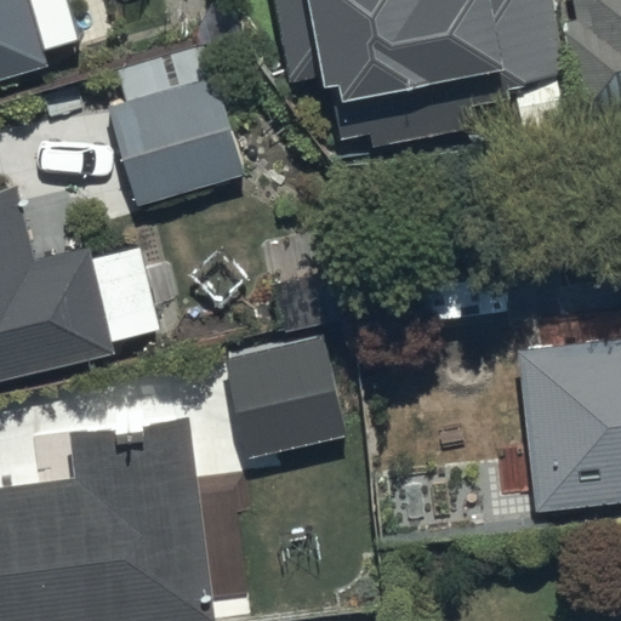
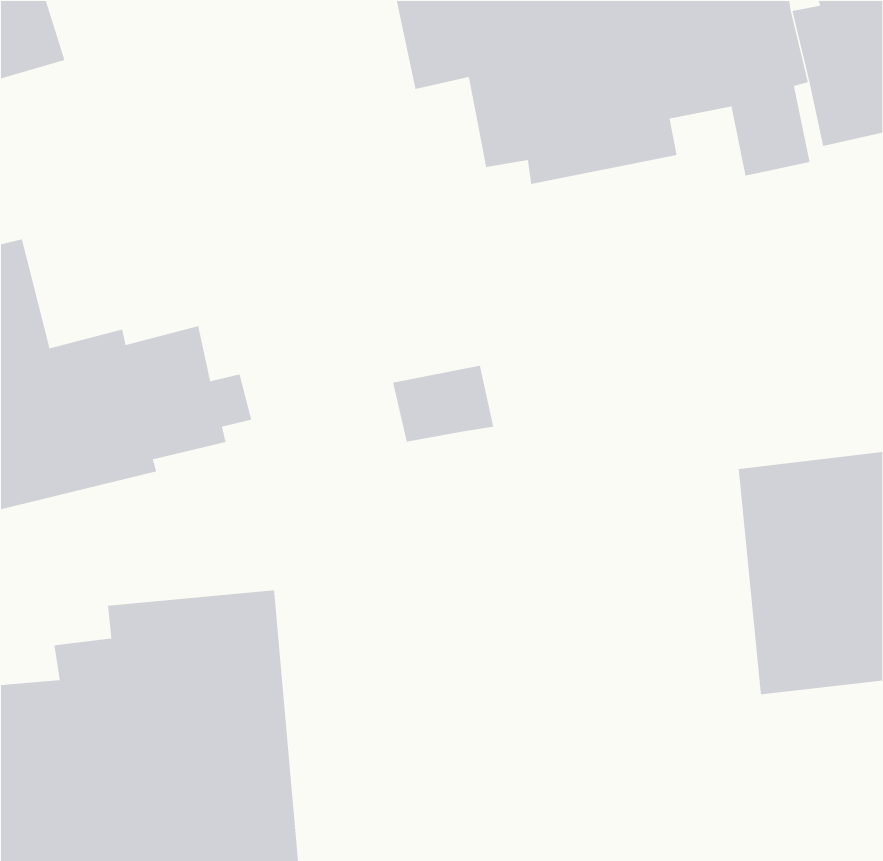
building: [107,50,241,203] -> none
building: [220,332,351,465] -> none

